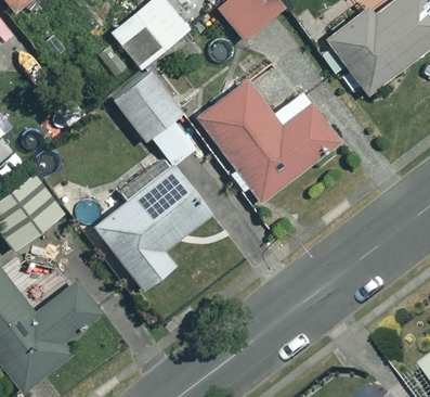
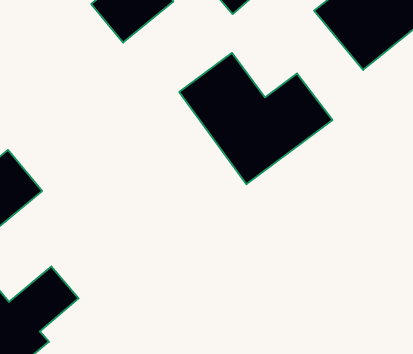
building: [113,69,198,166] -> none
building: [94,168,208,290] -> none

